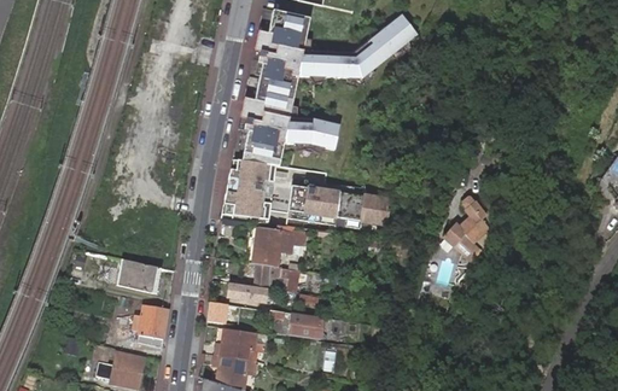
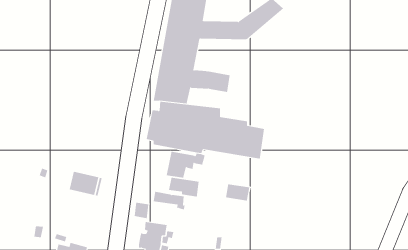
building: [443,194,492,262] -> none
building: [129,304,167,354] -> none
building: [287,314,322,338] -> [225,184,250,201]

